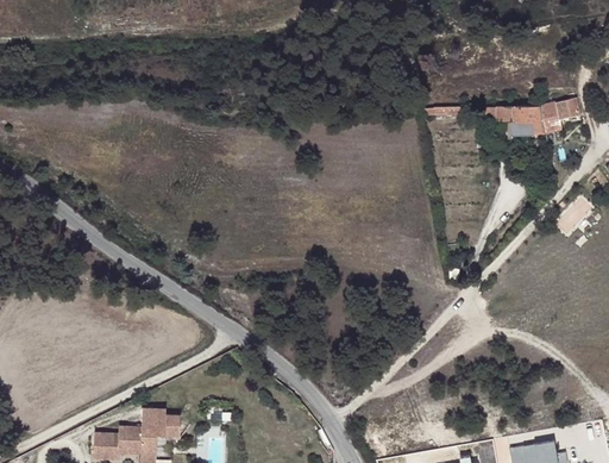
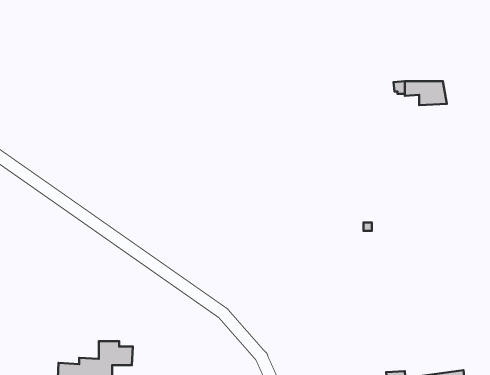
building: [538,98,577,133] -> none

